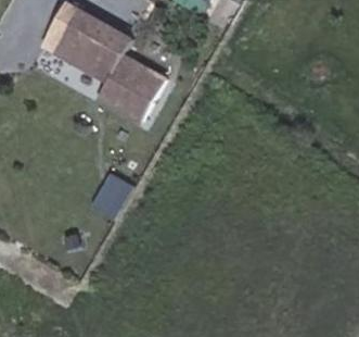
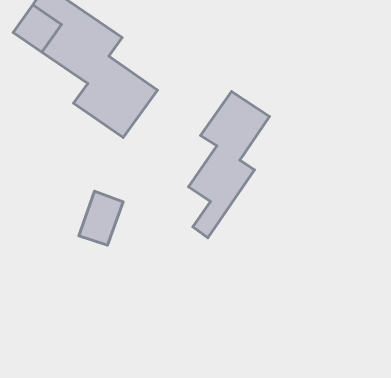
building: none -> [189,91,270,238]

